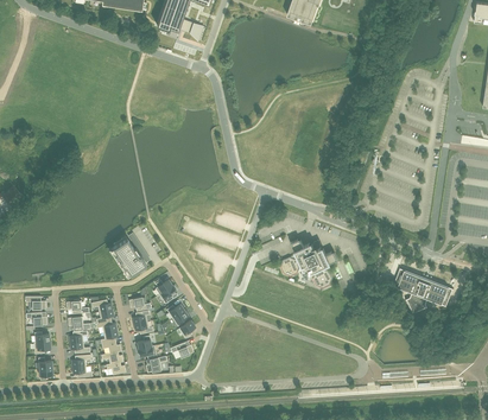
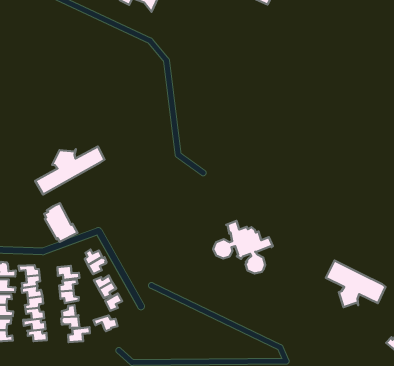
building: none -> [35,146,104,194]

